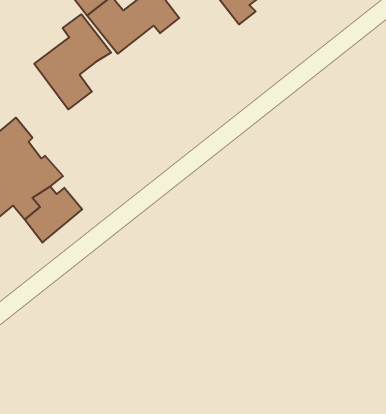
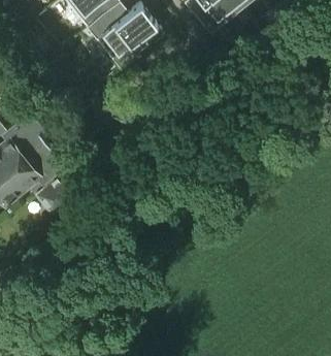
building: [34,14,111,109] -> none

